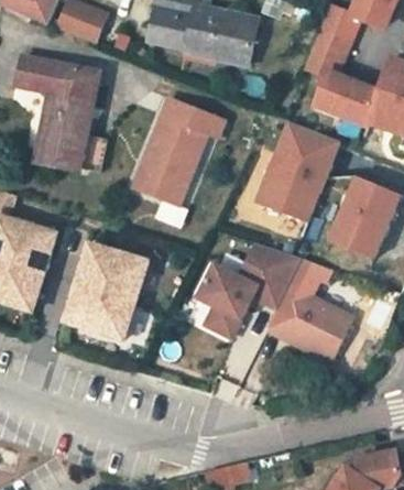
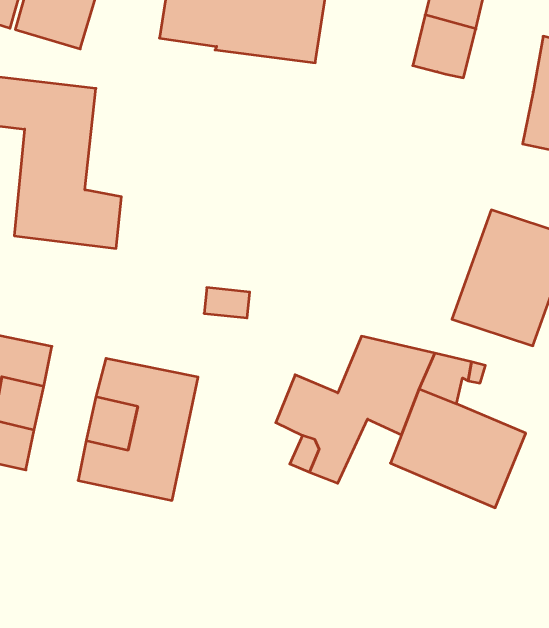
building: [316,80,382,133] -> none
building: [135,99,226,205] -> none
building: [258,123,338,221] -> none

